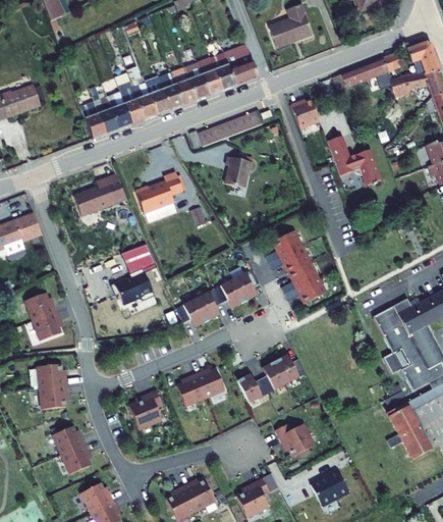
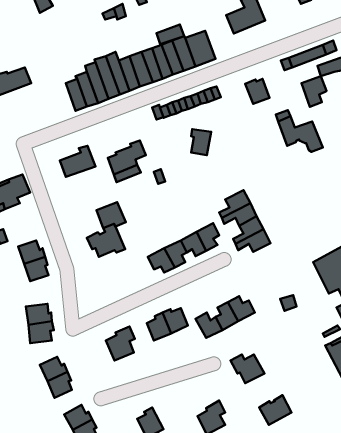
building: none -> [156,25,184,44]
building: none -> [302,76,327,107]
building: [183,479,215,511] -> none

